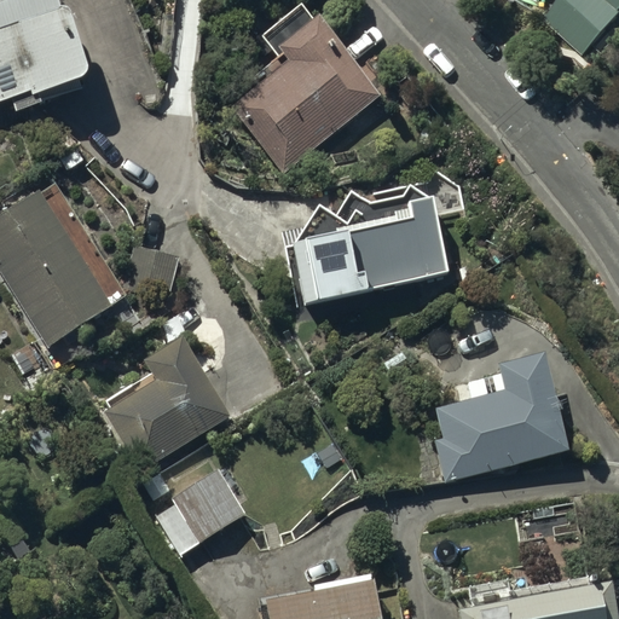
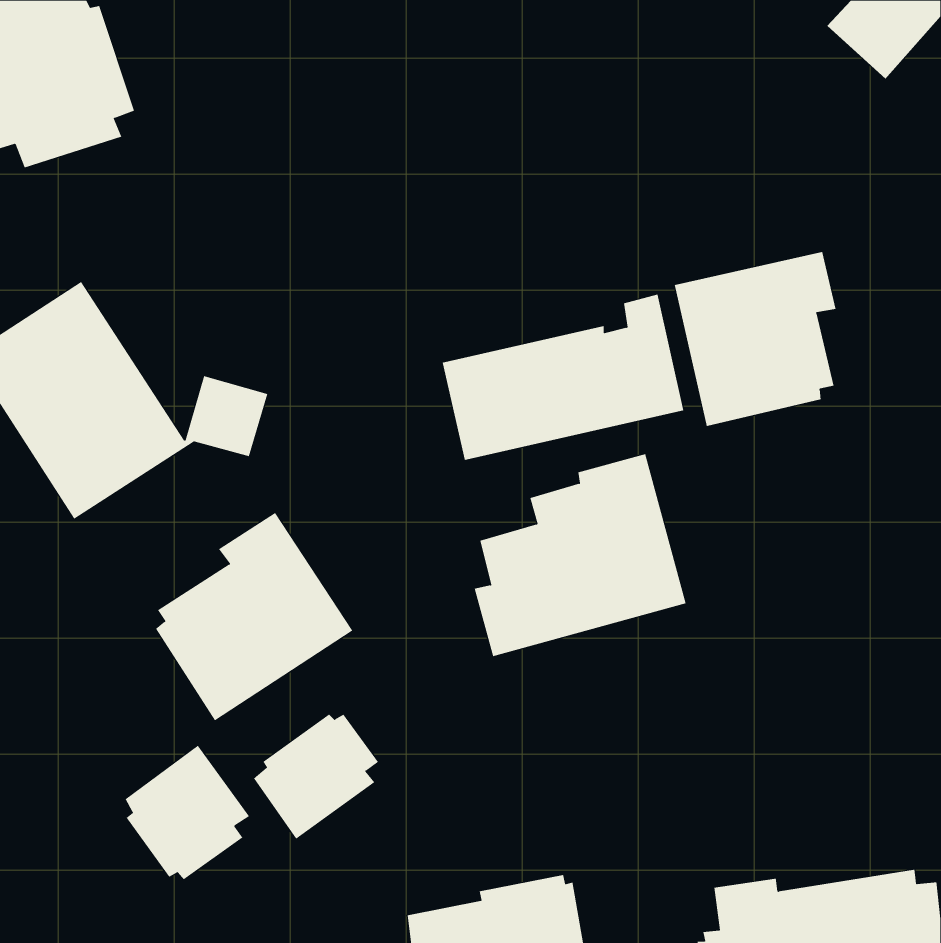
building: [228,6,380,174] -> none
building: none -> [674,251,836,427]
building: [430,352,569,485] -> [474,454,686,657]
building: none -> [125,745,250,880]

